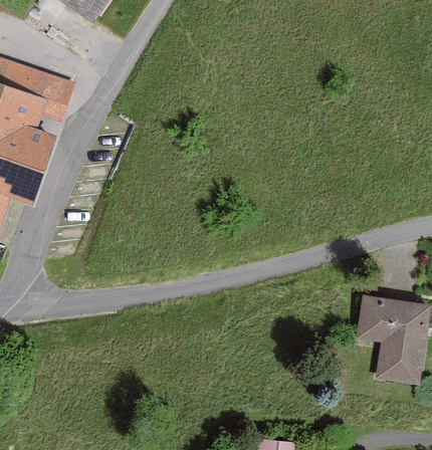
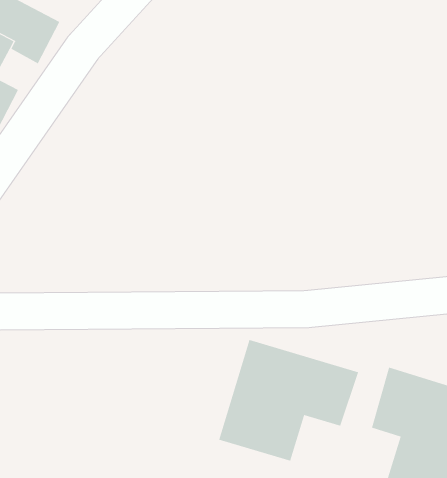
building: none -> [219,339,359,462]

